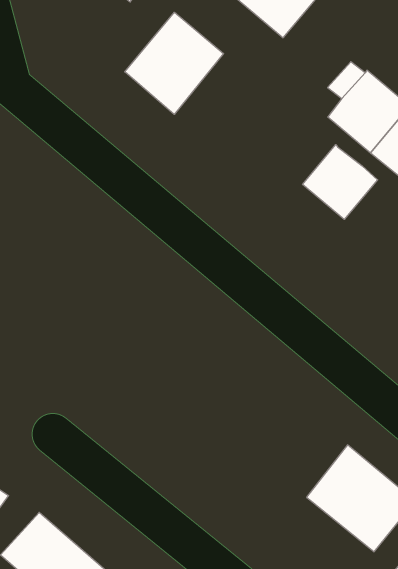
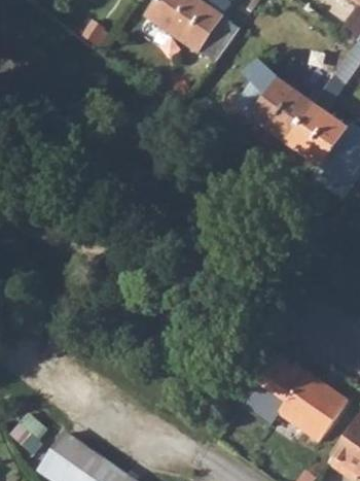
building: [125,12,224,114] -> none
building: [303,145,378,219] -> none

